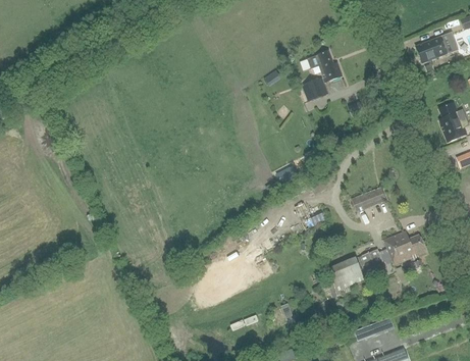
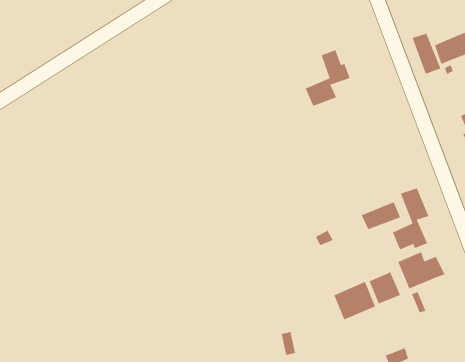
building: none -> [412,33,441,74]
building: none -> [392,187,429,250]

